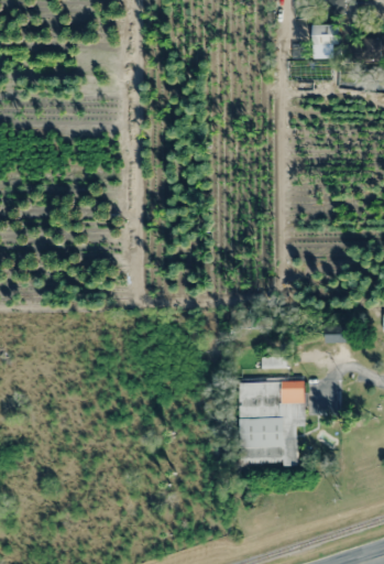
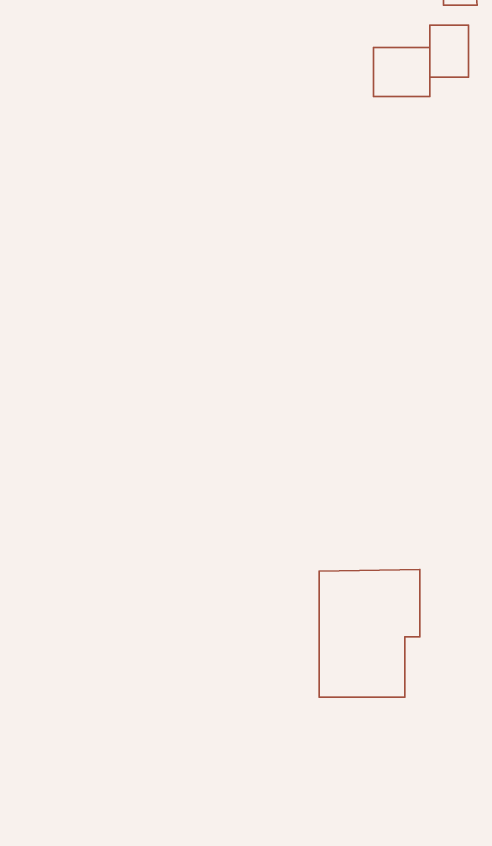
building: none -> [374,47,430,96]

